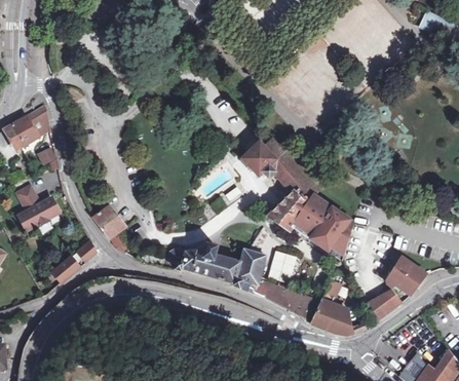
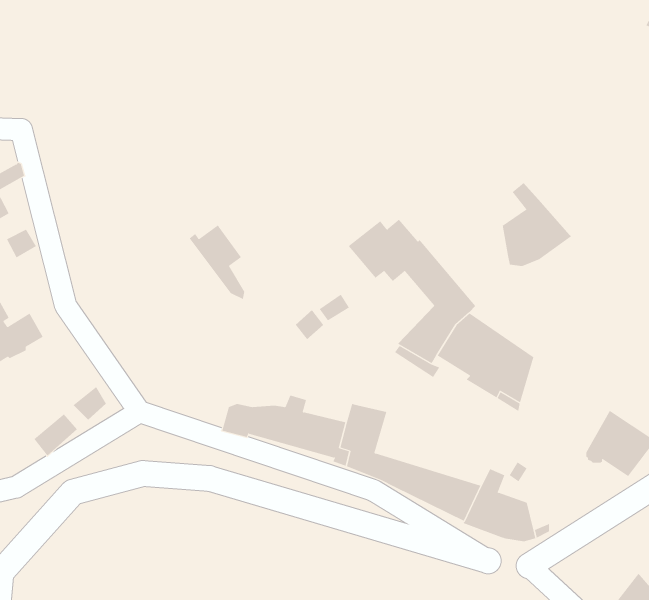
building: none -> [502,182,573,267]
building: [92,206,126,252] -> [189,225,245,300]
building: [267,250,298,283] -> none
building: [368,290,401,318] -> none

